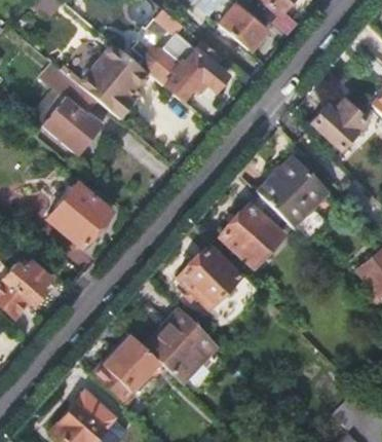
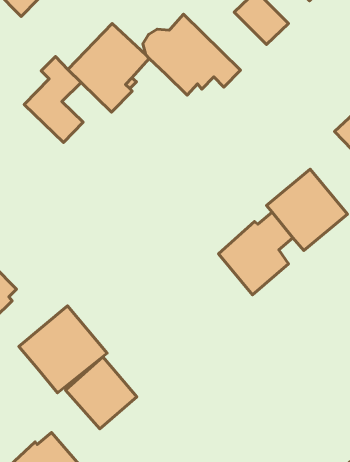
building: [45,183,111,248] -> none
building: [178,243,262,316] -> none
building: [142,307,218,382] -> [19,306,107,393]

